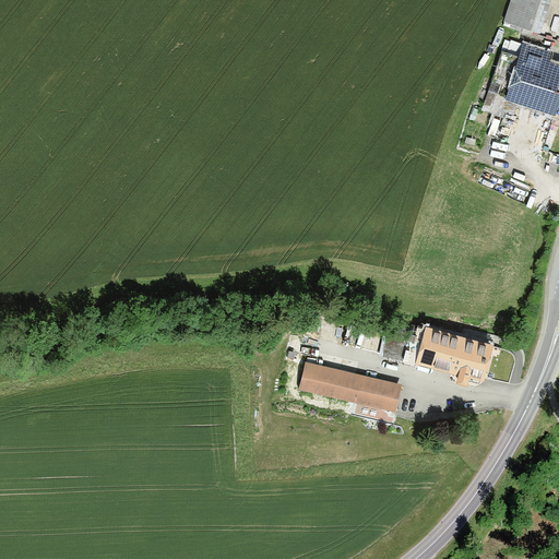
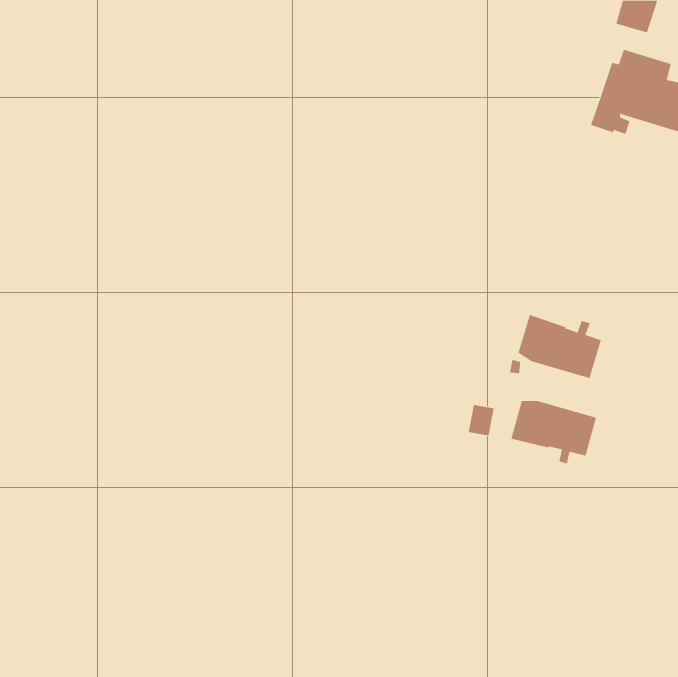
building: none -> [518,314,602,379]
building: [304,367,400,409] -> none

